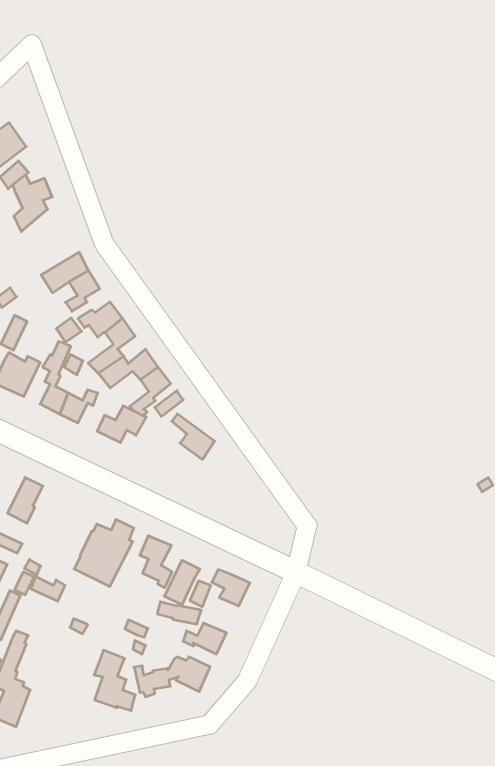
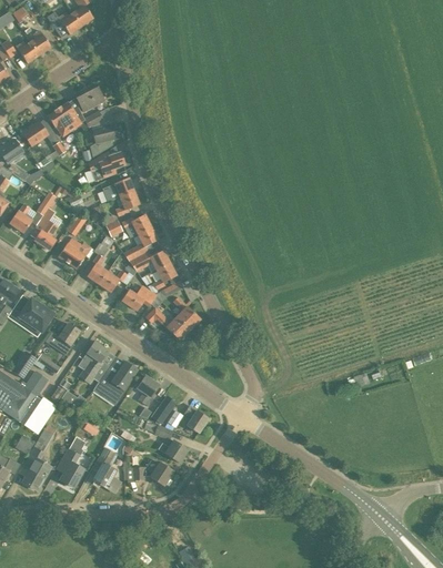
building: none -> [88,151,124,181]
building: none -> [145,307,190,339]
building: none -> [77,341,108,384]
building: none -> [60,436,84,486]

